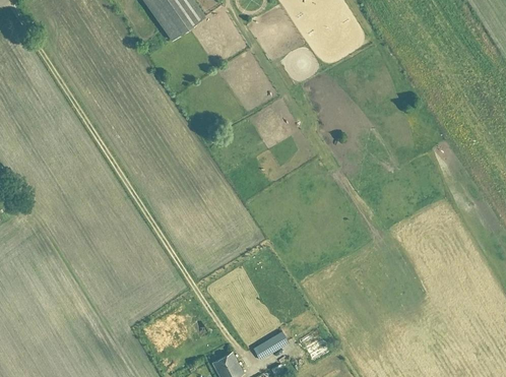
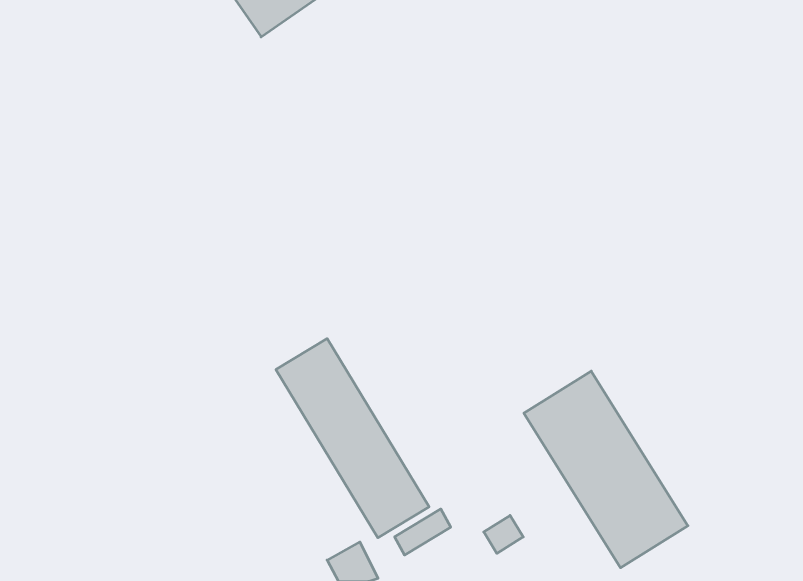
building: none -> [276,339,429,538]
building: none -> [524,371,688,568]

